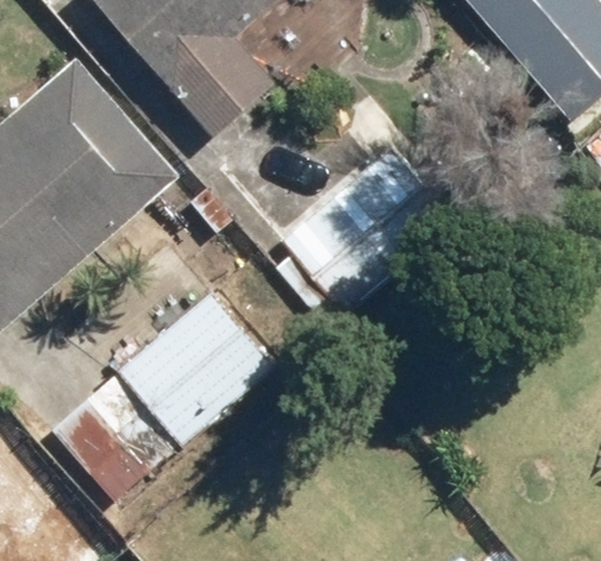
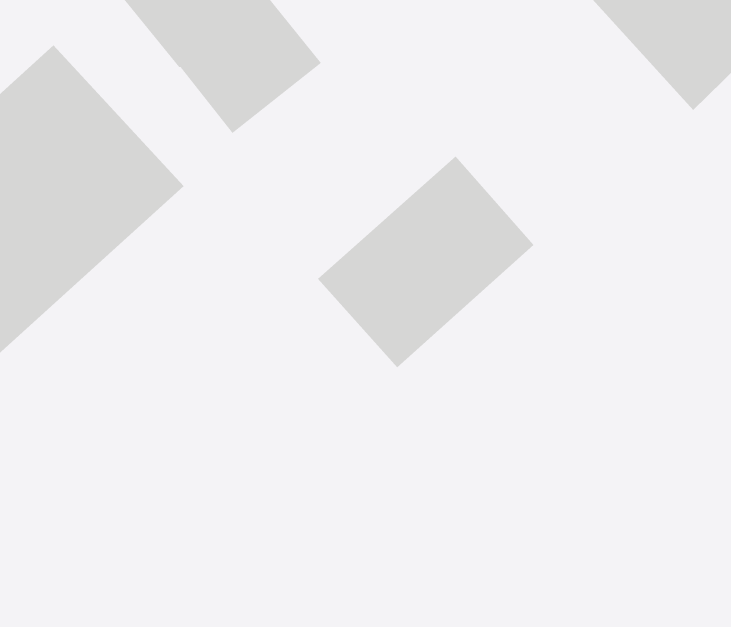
building: [58,292,276,496] -> none

